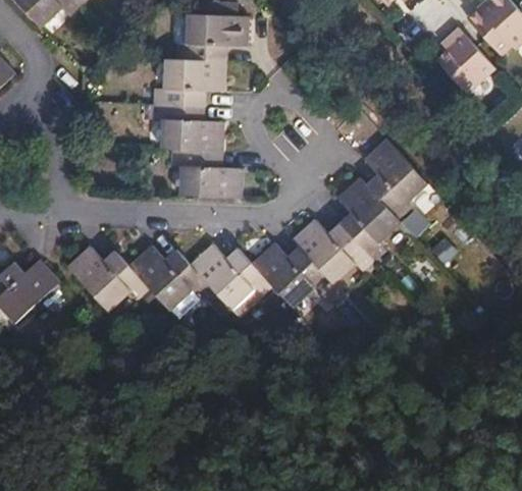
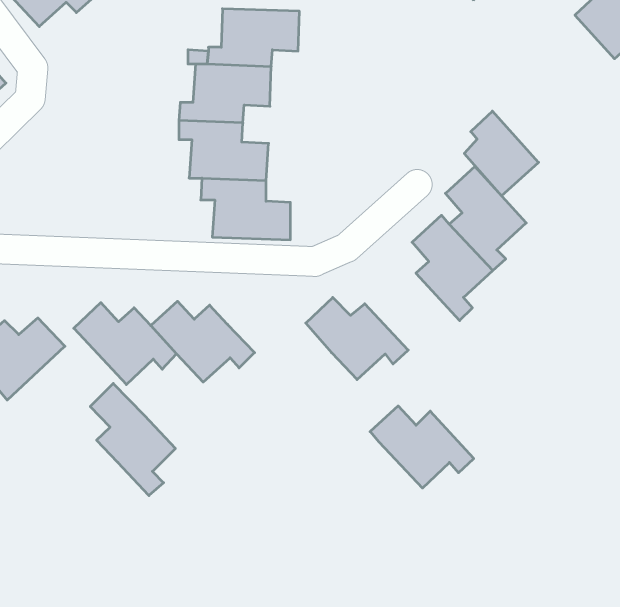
building: [435,26,494,94] -> [464,111,539,196]
building: [293,219,375,284] -> [370,406,474,488]
building: [191,243,273,309] -> none
building: none -> [90,383,175,496]

